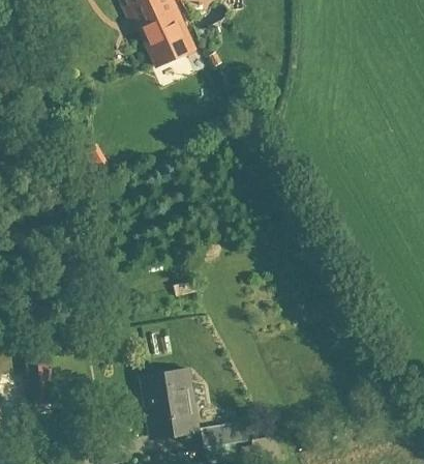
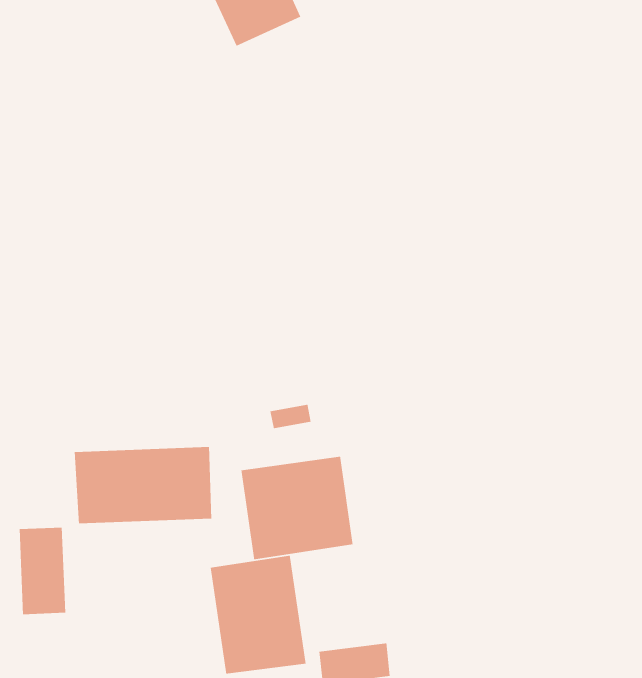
building: none -> [74,446,212,524]
building: none -> [241,456,353,560]

